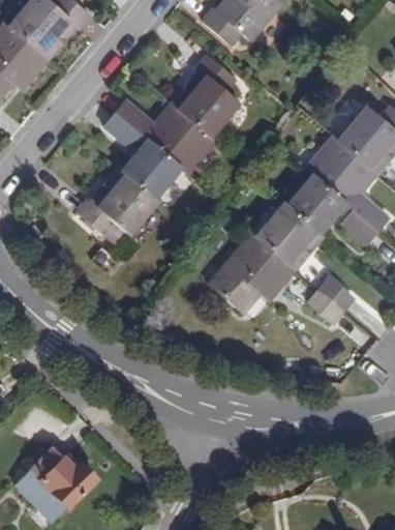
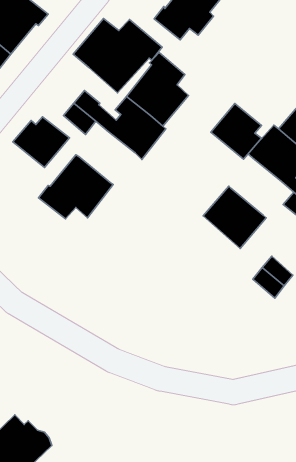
building: none -> [73,18,162,93]
building: [121,143,182,198] -> [13,117,69,168]
building: [285,173,340,233] -> [211,104,262,159]
building: [209,234,296,314] -> none

